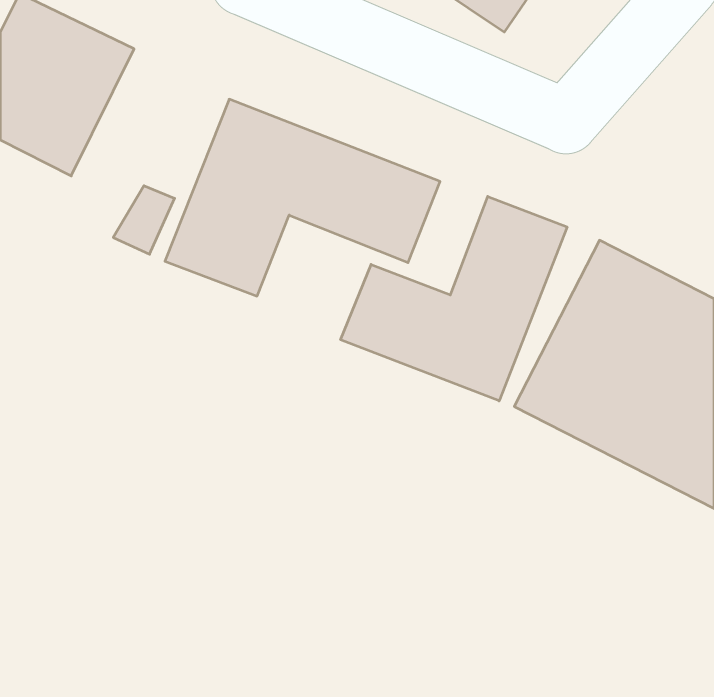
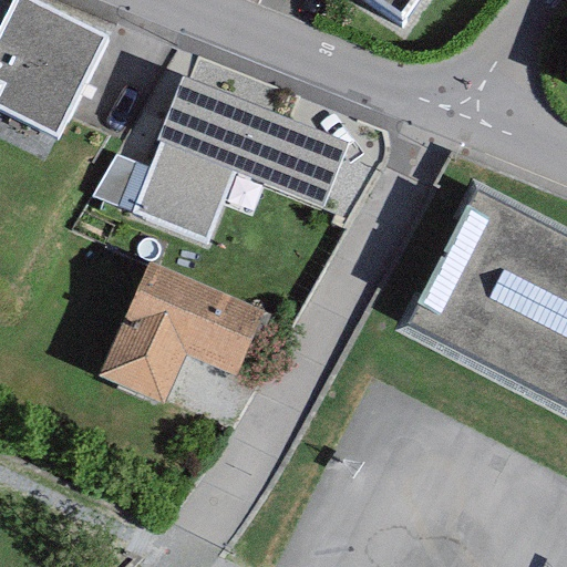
building: [341,196,567,401] -> none
building: none -> [96,261,264,404]

